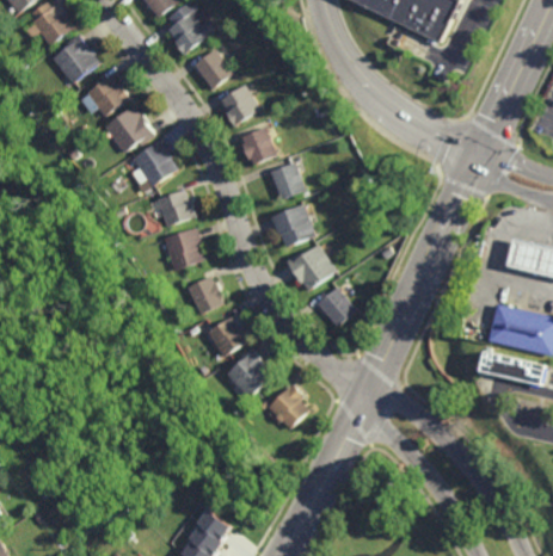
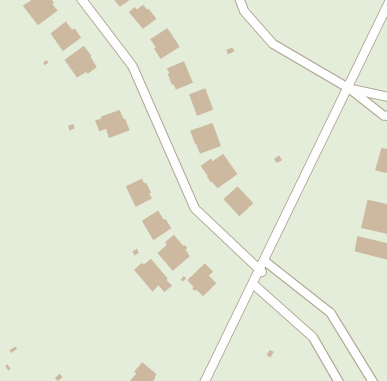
building: [129,138,176,186] -> none
building: [161,227,203,271] -> none
building: none -> [133,258,173,293]

